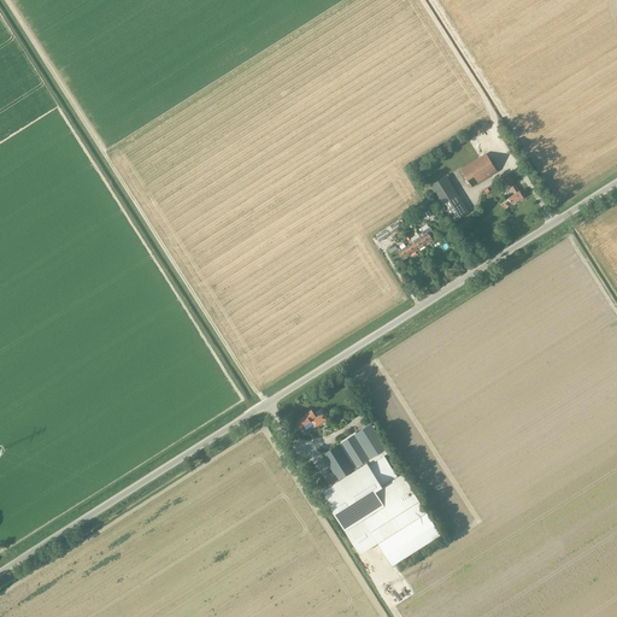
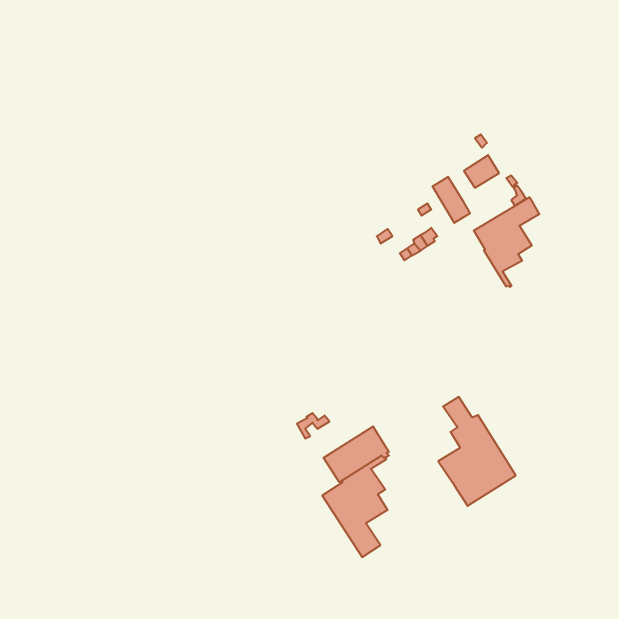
building: none -> [474,197,539,287]
building: [364,457,441,565] -> [438,397,516,506]

